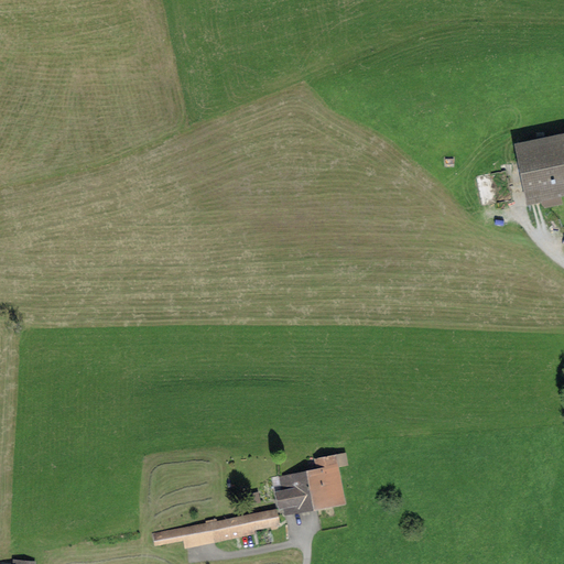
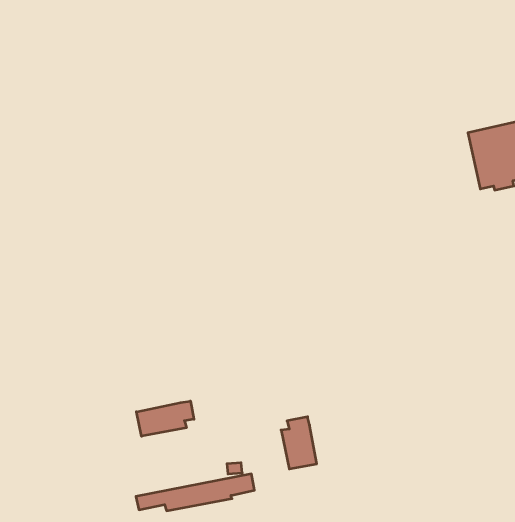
building: none -> [136,401,194,436]
building: [279,464,319,512] -> none

